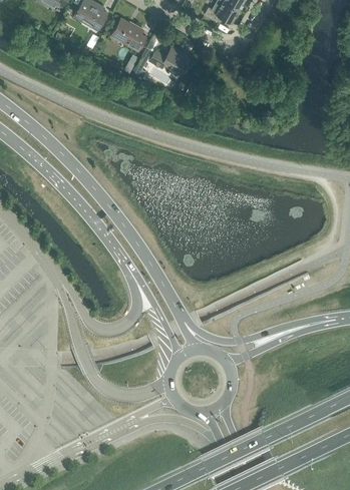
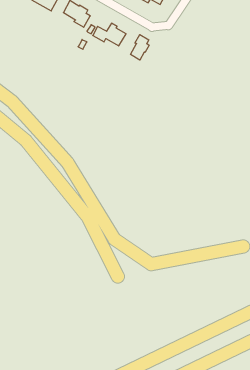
building: none -> [131,35,149,60]

